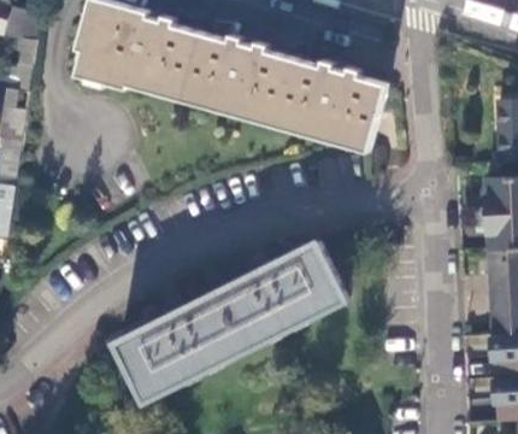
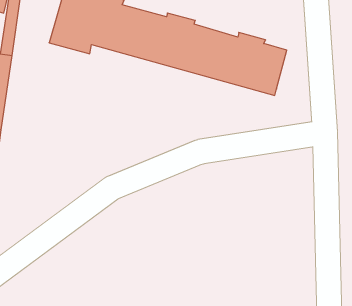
building: [116,244,343,399] -> none

